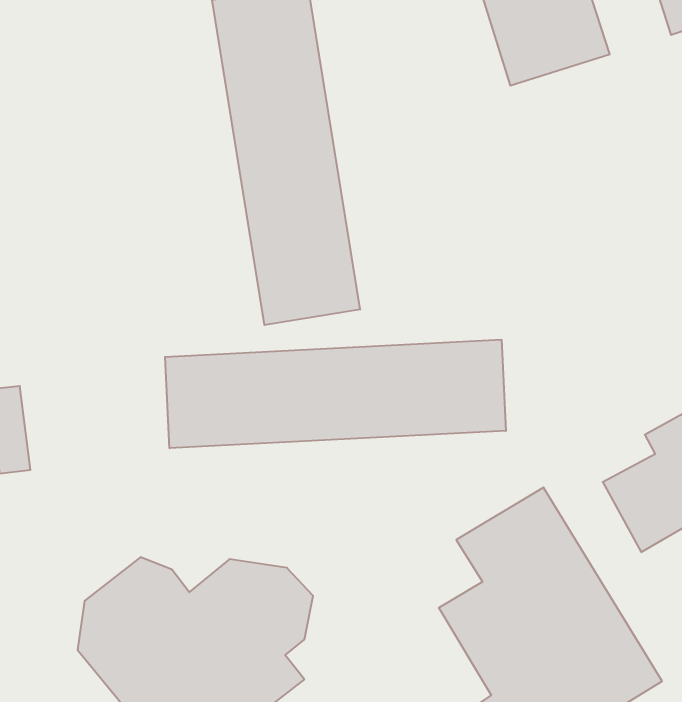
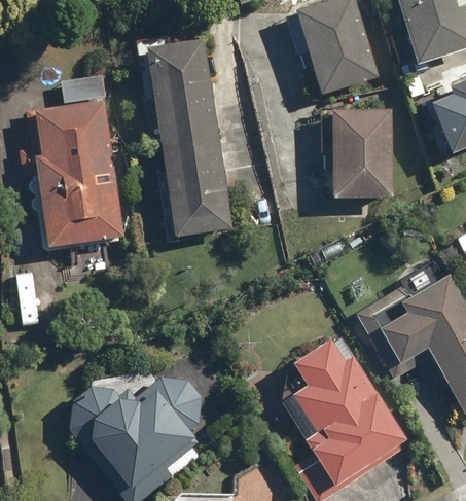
building: none -> [32,77,114,241]
building: none -> [328,106,395,199]
building: [165,340,506,448] -> none

